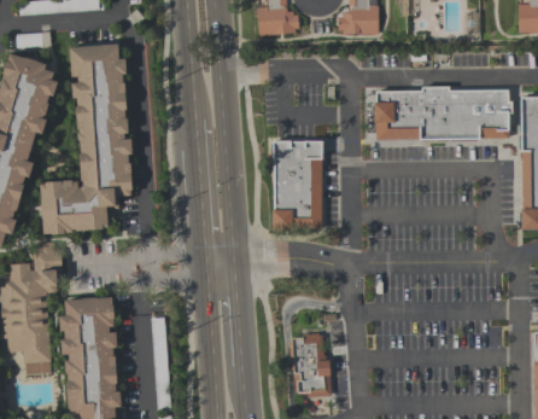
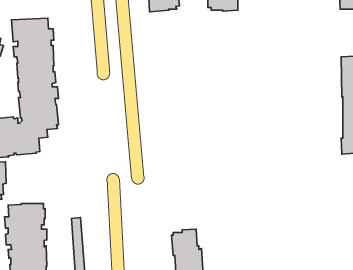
building: [374,87,513,140] -> none
building: [273,141,322,231] -> none

